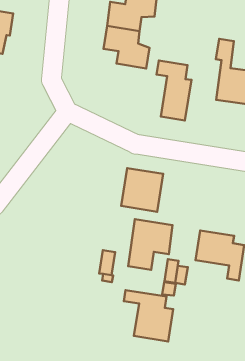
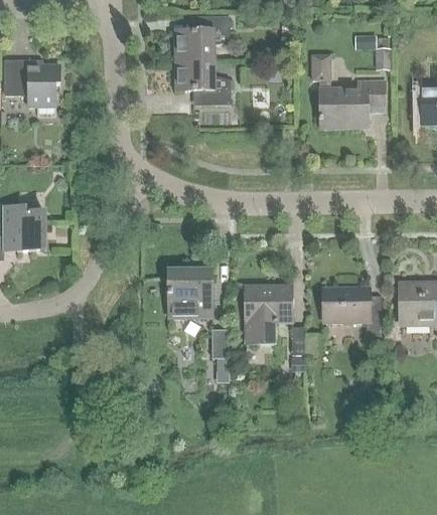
building: [157,61,191,120] -> none
building: [121,168,163,212] -> [166,271,210,317]
building: [124,290,173,341] -> none

